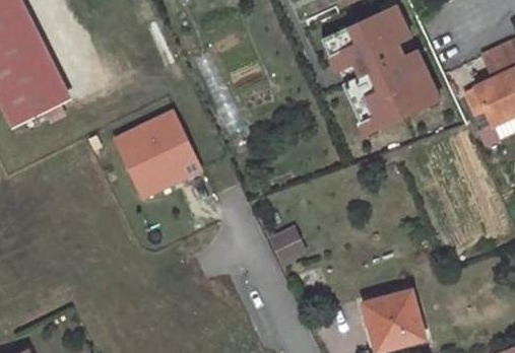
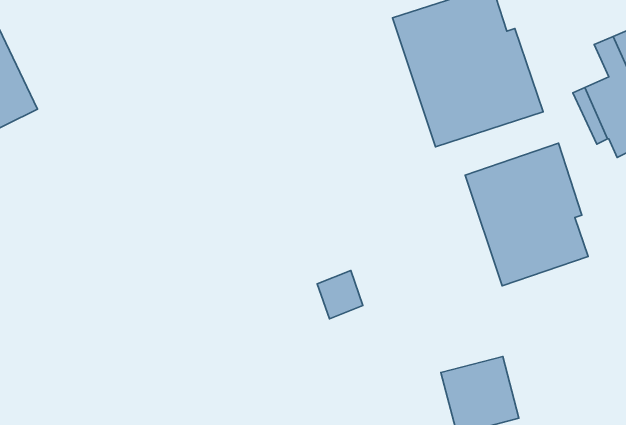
building: [121,112,207,196] -> none
building: none -> [465,143,588,286]

